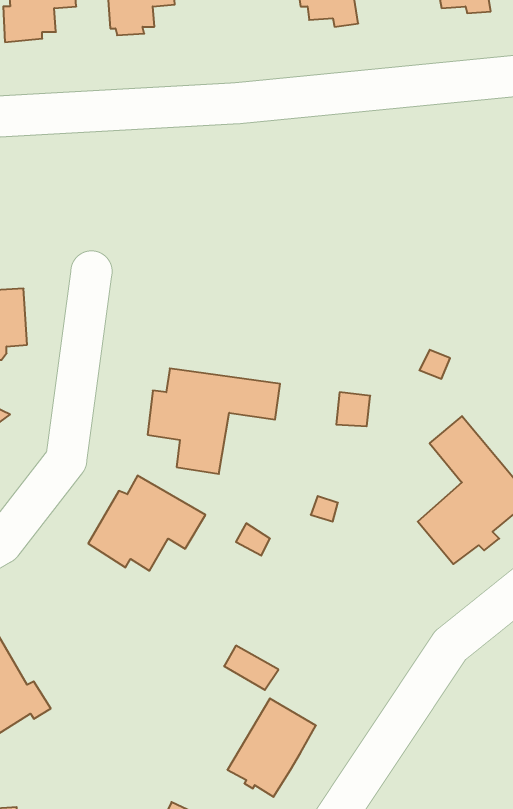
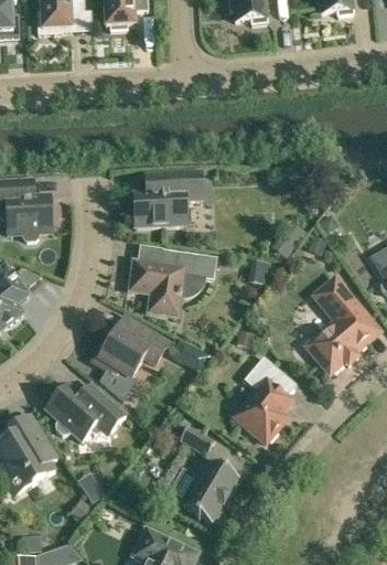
building: none -> [133,172,202,227]
building: none -> [234,356,295,443]
building: none -> [45,383,126,440]

